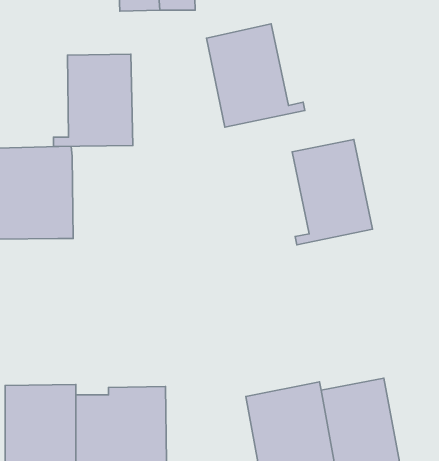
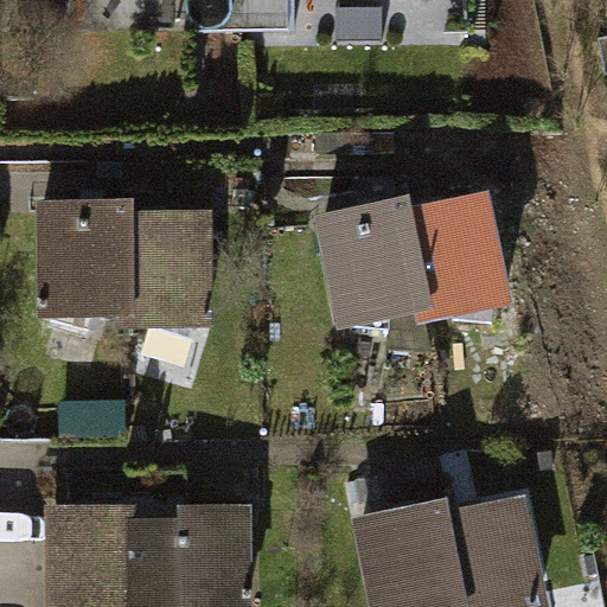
building: [206,24,305,127] -> none
building: [53,54,133,146] -> [113,212,213,330]
building: none -> [312,198,432,332]

